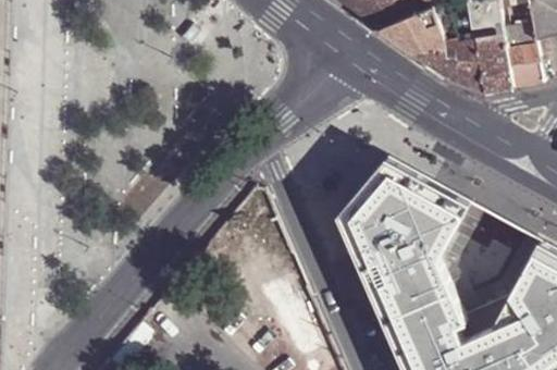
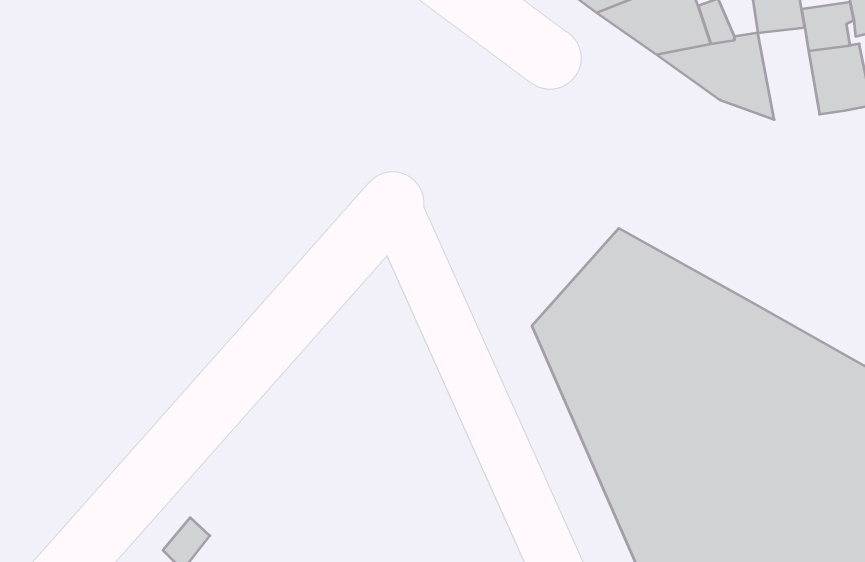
building: [475,36,512,91] -> none

